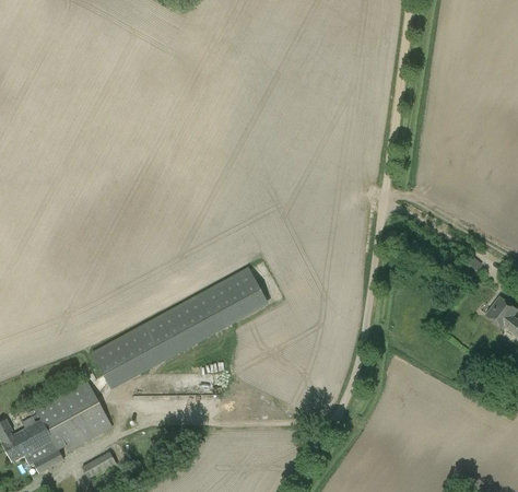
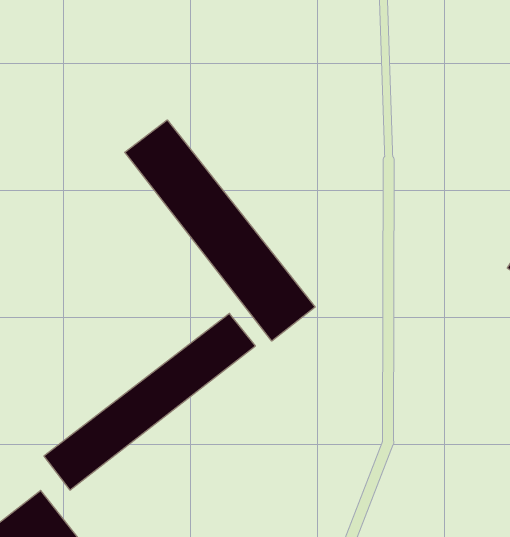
building: none -> [125,120,315,341]

